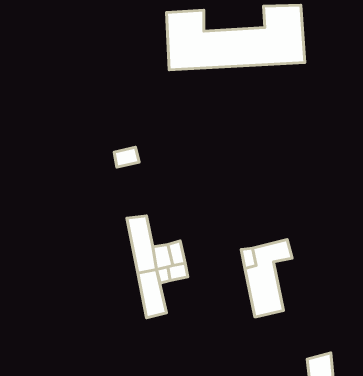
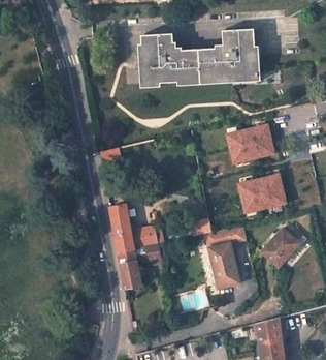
building: none -> [228,124,280,166]
building: none -> [239,174,291,215]
building: none -> [261,227,299,267]

